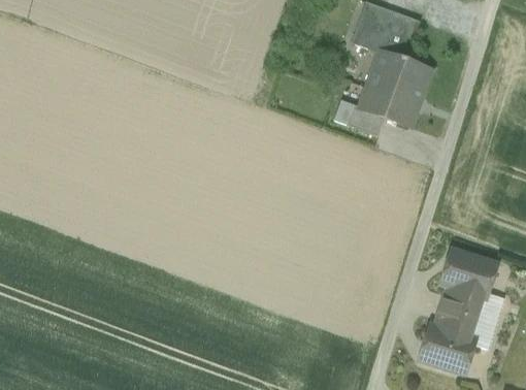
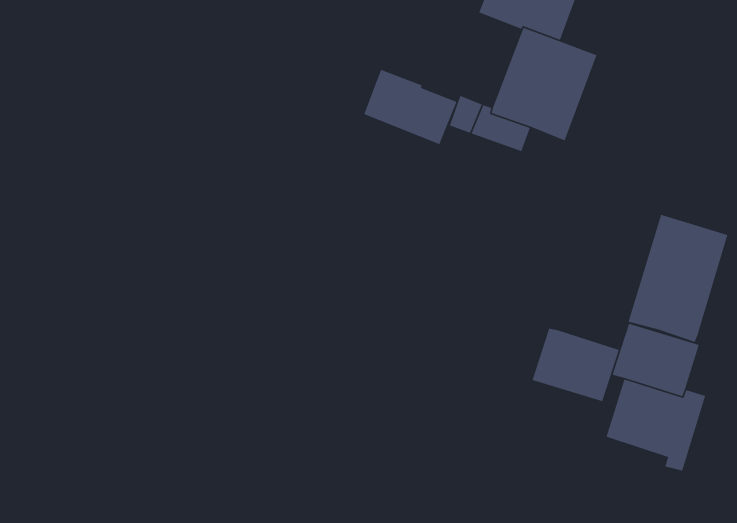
building: none -> [363,69,457,145]
building: none -> [627,214,728,343]
building: [417,323,475,372] -> [532,328,620,402]

